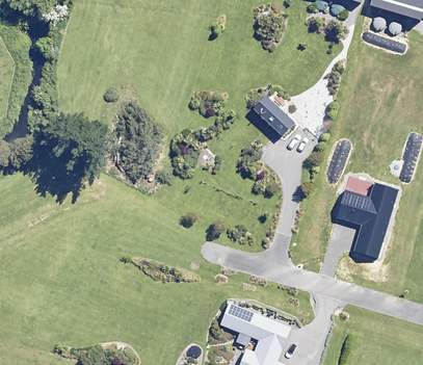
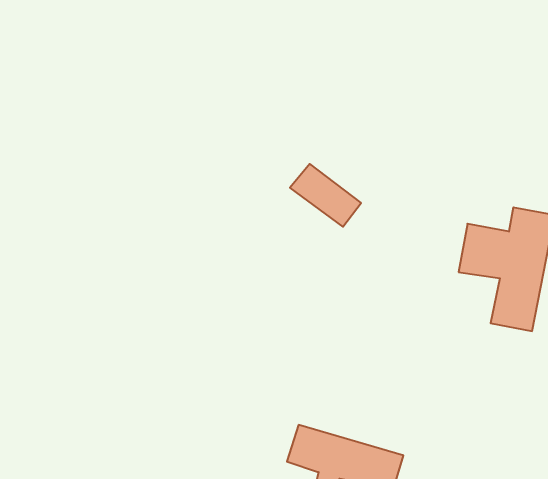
building: [252,95,294,135] -> [290,164,361,227]

